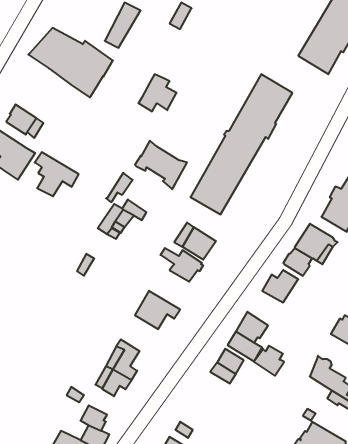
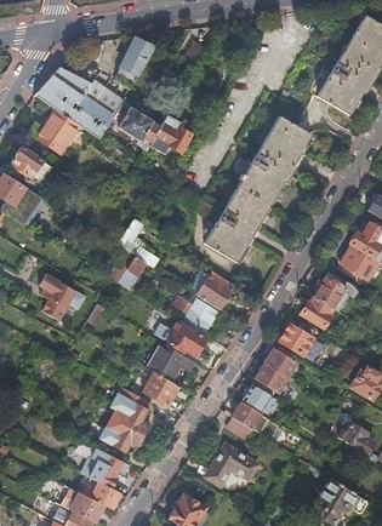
building: none -> [29,109,80,154]
building: [135,141,187,189] -> [108,101,163,151]
building: [35,152,79,196] -> [39,274,85,320]
building: none -> [161,321,206,354]
building: none -> [143,372,178,406]
building: [254,346,284,376] -> [264,347,296,378]
building: none -> [205,444,257,486]

